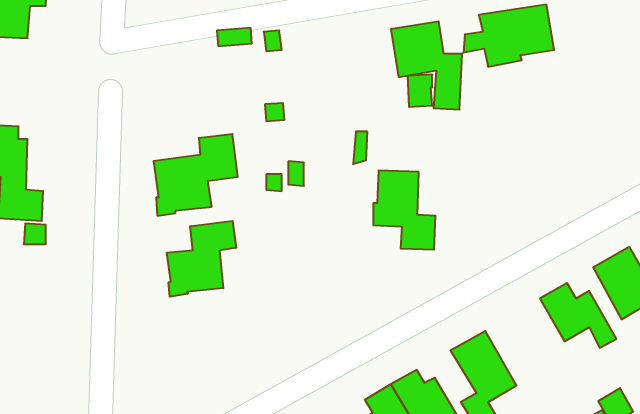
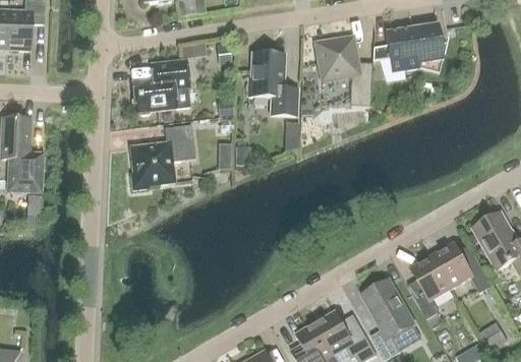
building: none -> [132,59,193,113]
building: [373,171,436,250] -> [248,52,297,114]
building: [167,221,236,297] -> none
building: none -> [407,253,452,318]

